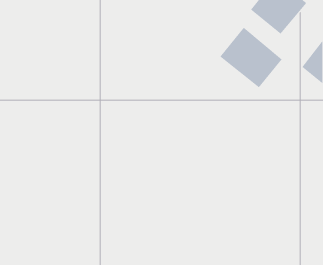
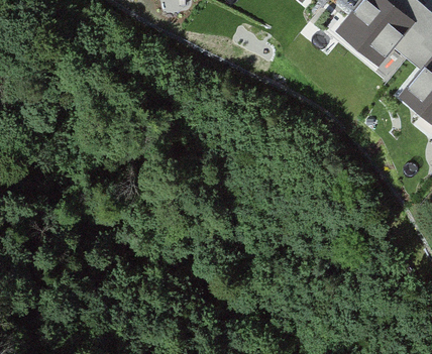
building: [219,27,283,88] -> none

